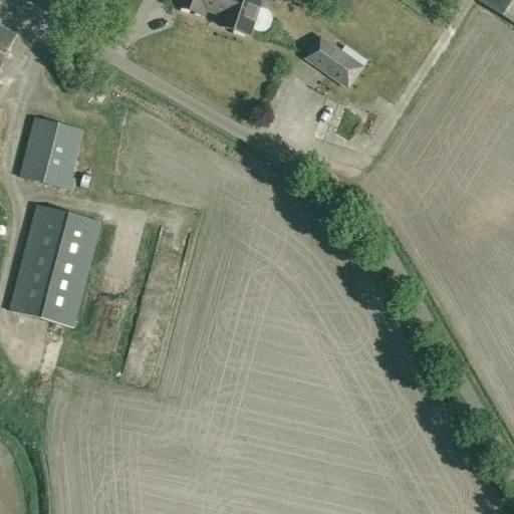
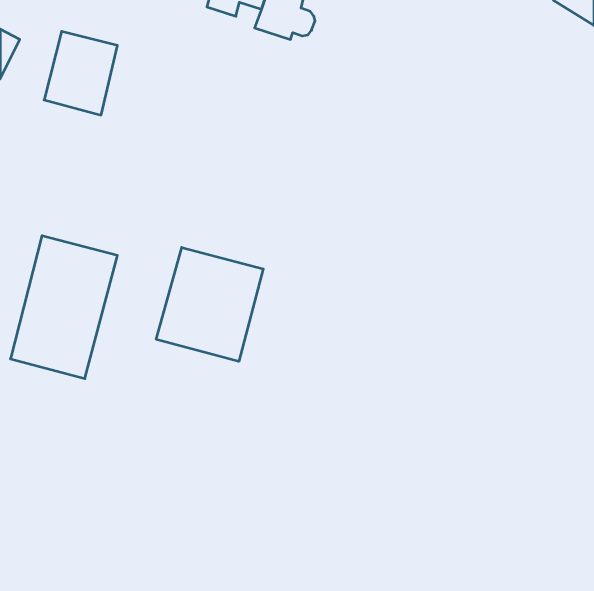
building: [307,38,361,86] -> none
building: [19,116,82,189] -> [44,31,117,115]
building: none -> [156,247,263,361]

